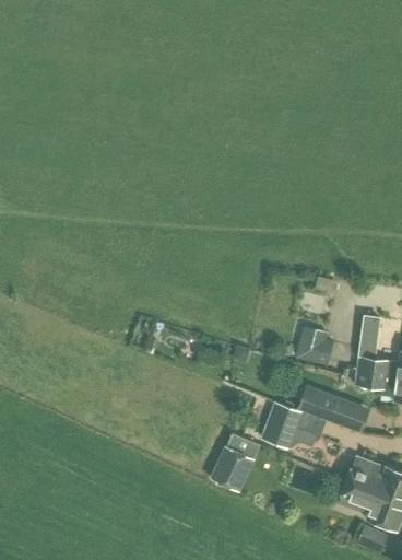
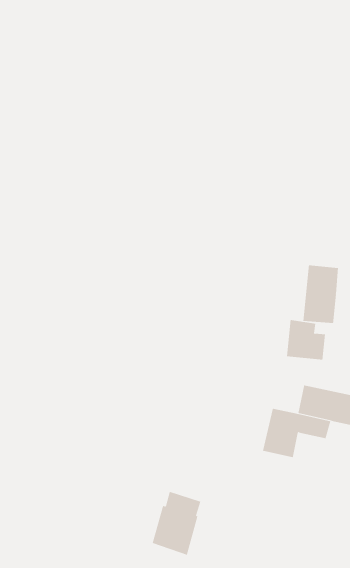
building: none -> [303,264,339,324]
building: [210,433,259,493] -> [152,491,201,556]

